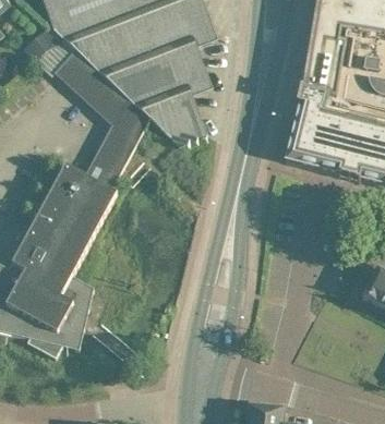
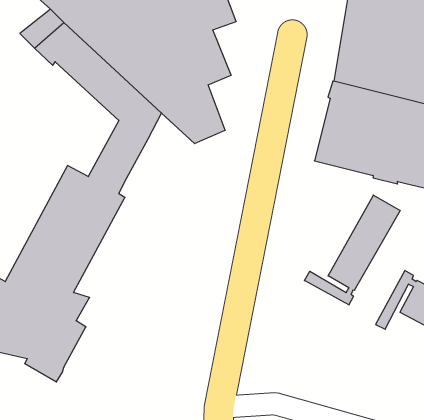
building: none -> [304,195,400,305]

